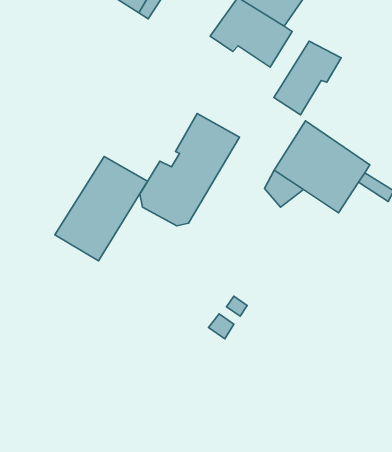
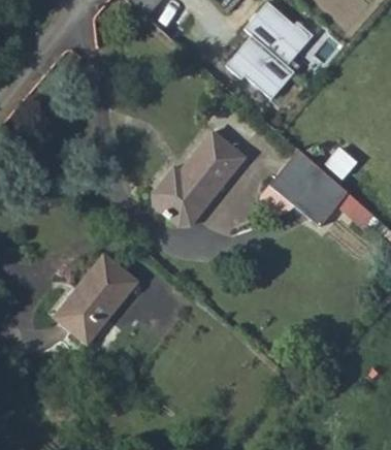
building: [274,41,341,115] -> none
building: [55,156,148,261] -> [51,255,135,343]

